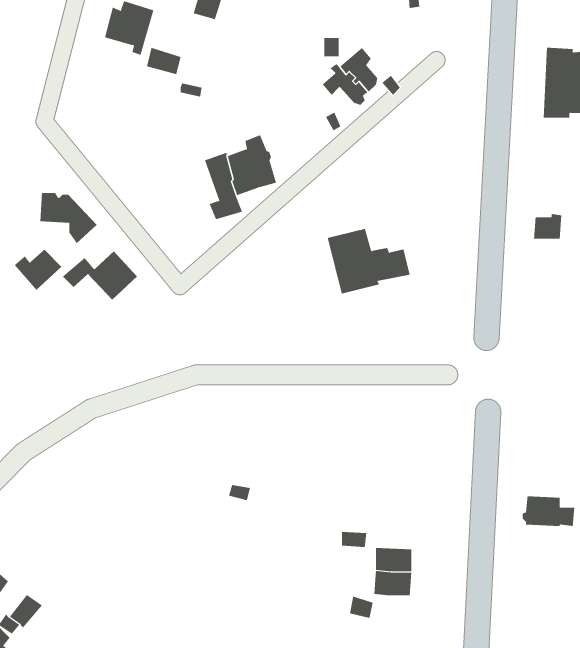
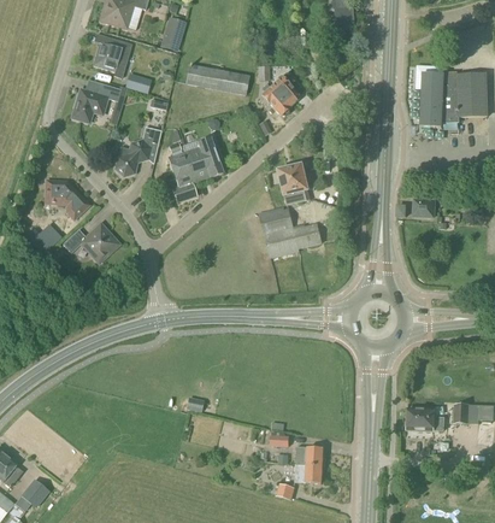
building: none -> [184,64,248,94]
building: none -> [71,84,120,123]
building: none -> [114,127,160,176]
building: none -> [278,164,311,205]

